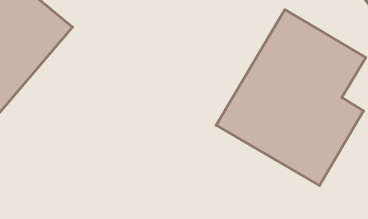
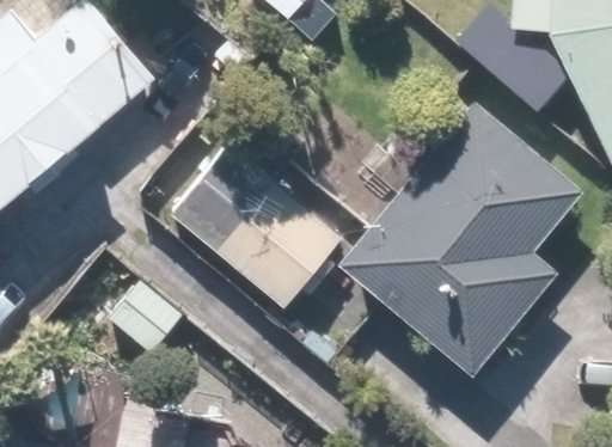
building: none -> [164,141,338,313]

